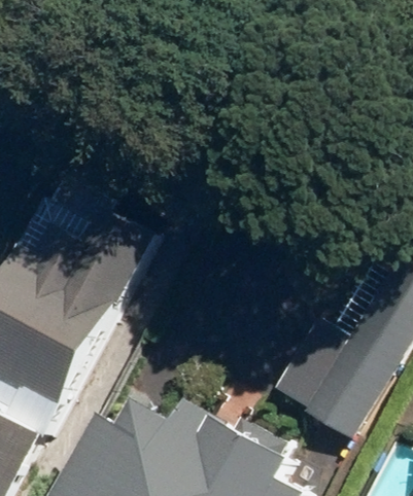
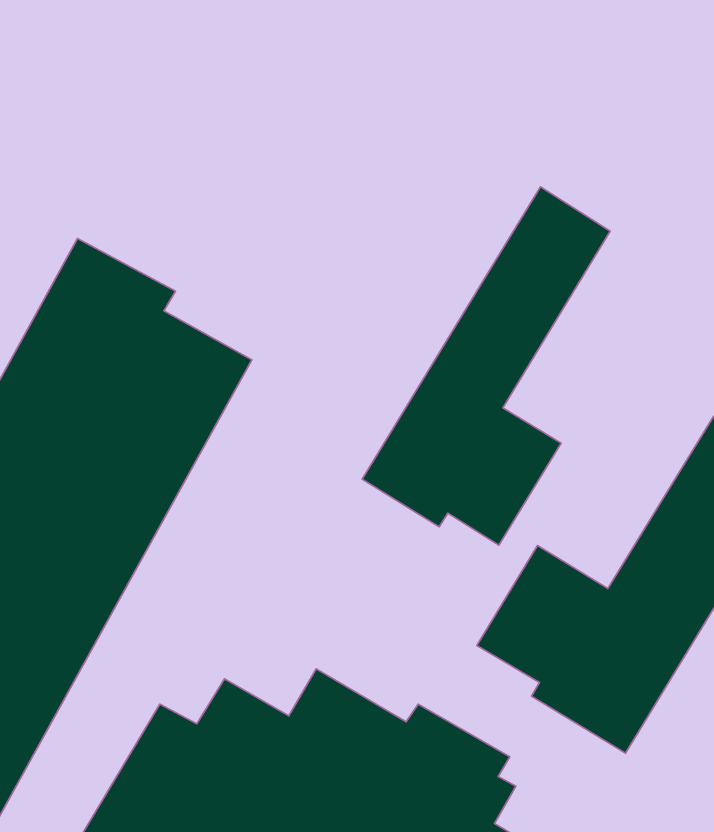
building: none -> [362,187,610,545]

